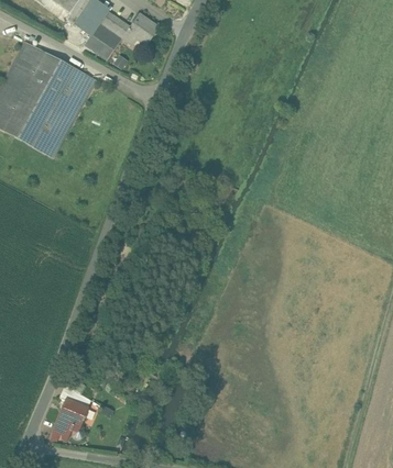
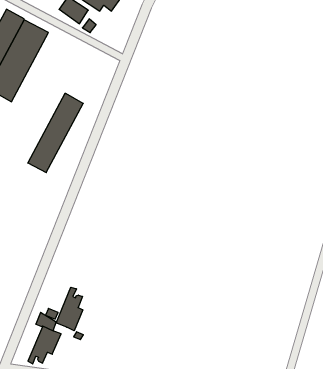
building: [31,67,94,156] -> [28,94,83,173]
building: none -> [56,287,83,331]

